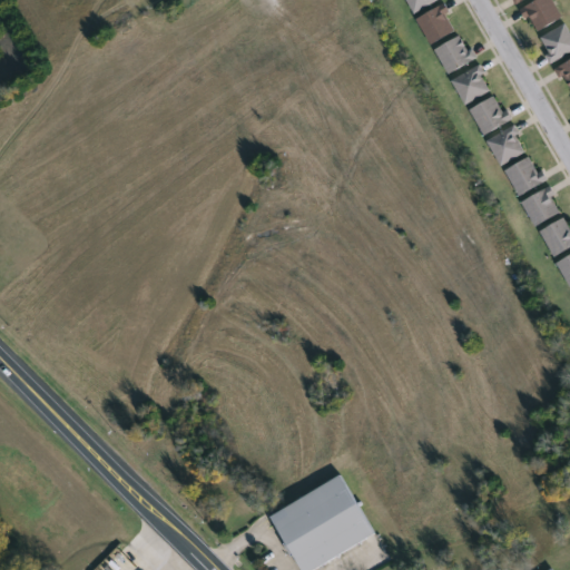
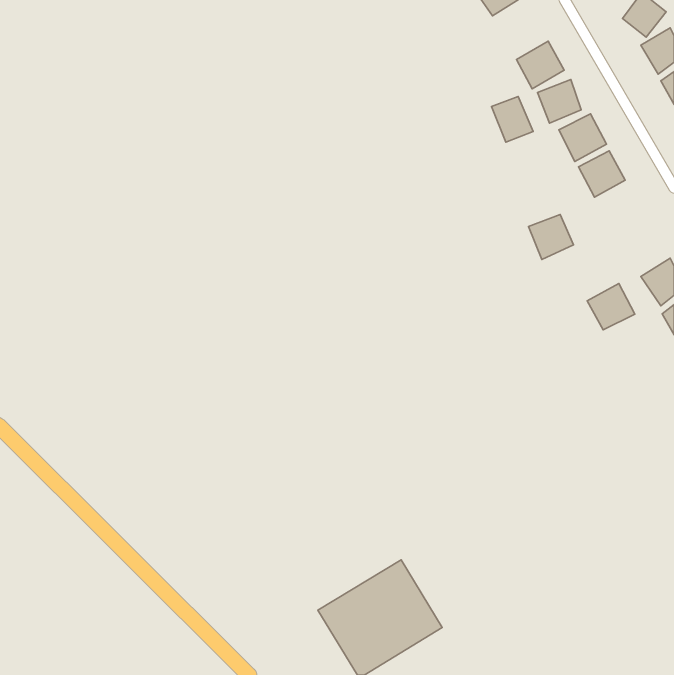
building: [416,6,455,45] -> none
building: none -> [491,97,533,142]
building: [505,158,543,196] -> [528,215,573,260]
building: [521,187,561,226] -> [587,284,635,330]

